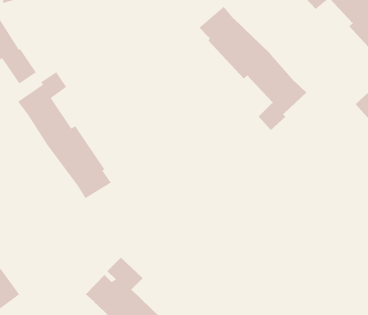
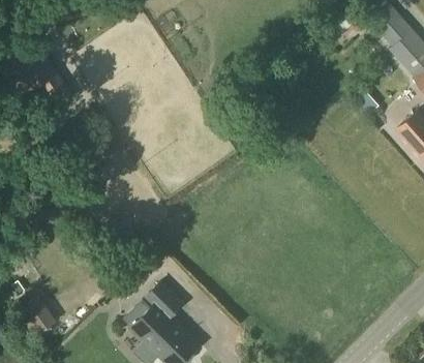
building: [199,6,307,131] -> none
building: [17,71,112,199] -> none

